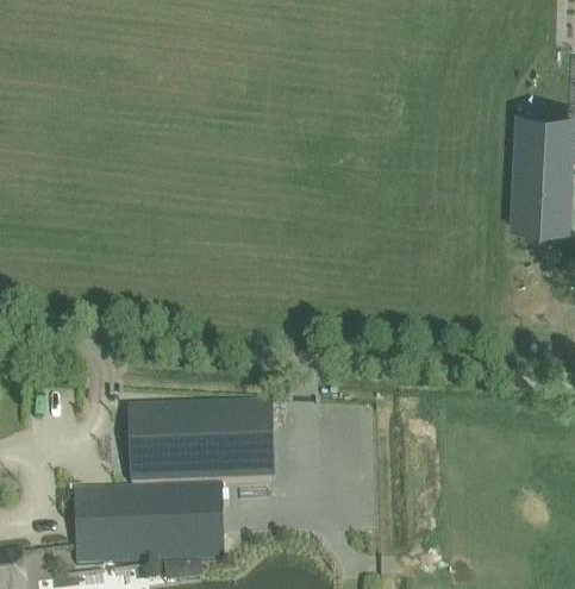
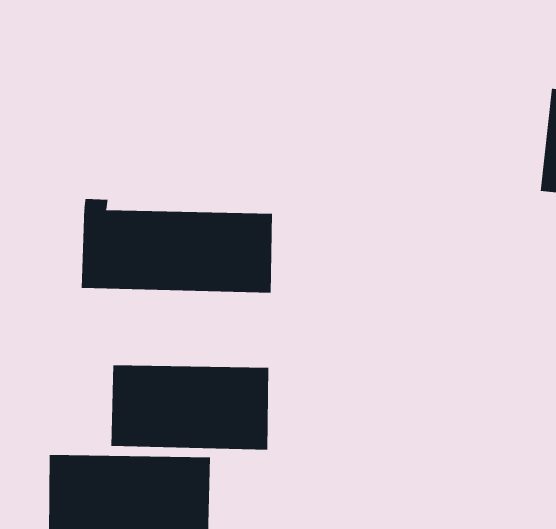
building: none -> [81,198,273,293]

